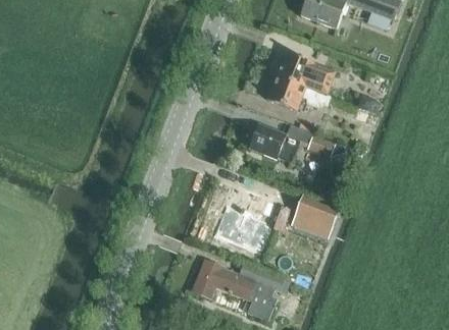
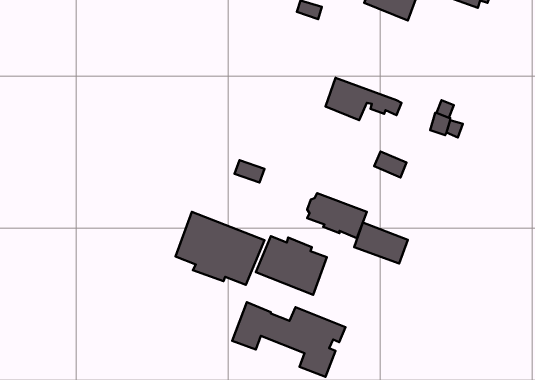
building: [277,52,336,94] -> none
building: [250,125,299,162] -> [307,193,367,238]
building: none -> [175,212,264,285]

